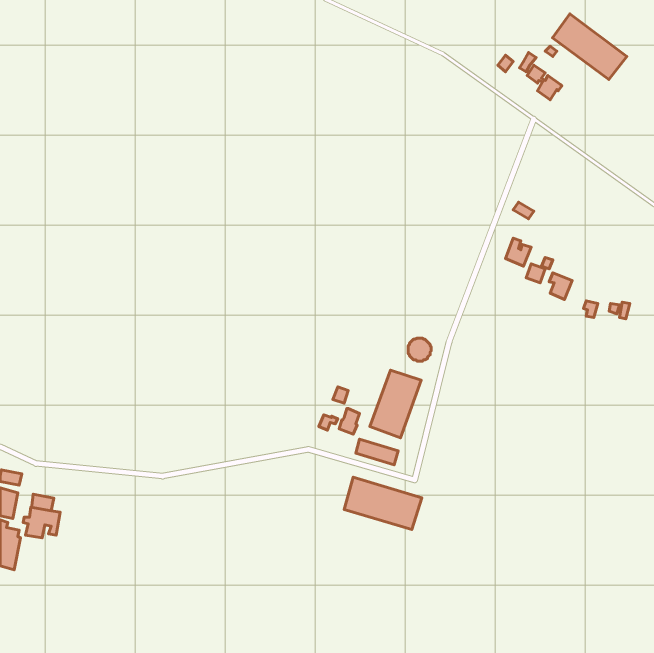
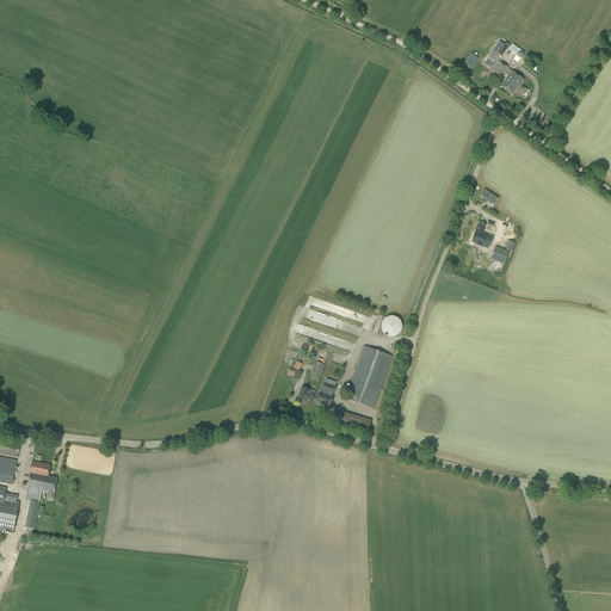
building: [553,14,627,79] -> none
building: [344,477,422,529] -> none

